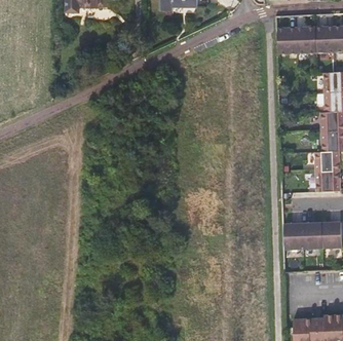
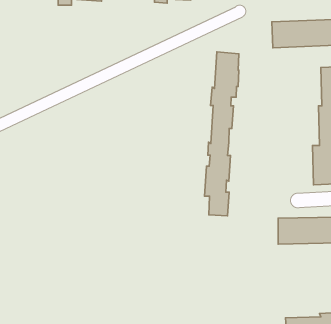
building: none -> [205,52,239,216]

